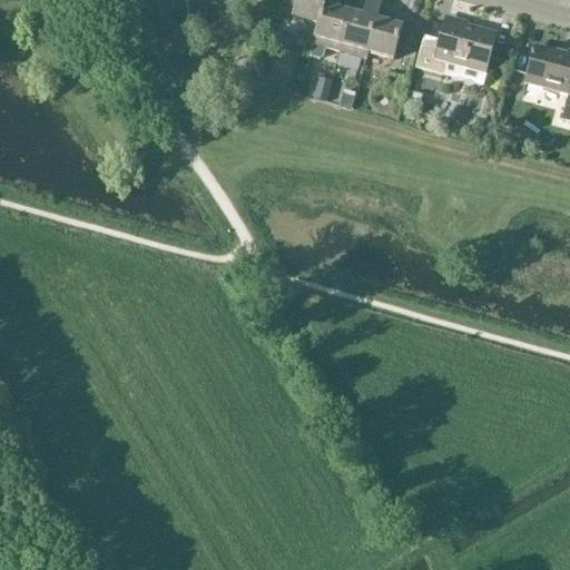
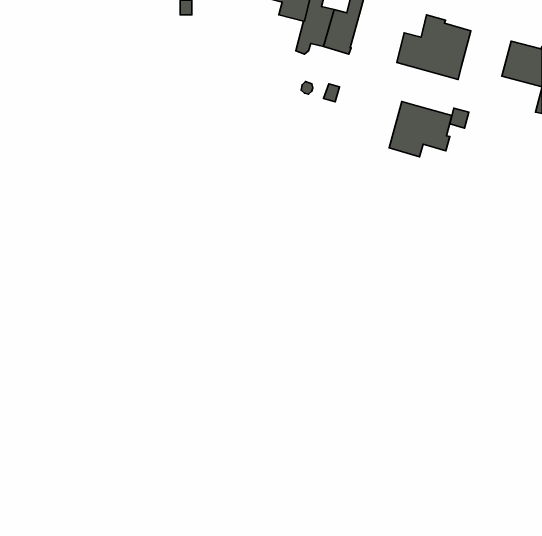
building: [367,11,416,57] -> none
building: none -> [389,101,452,157]

